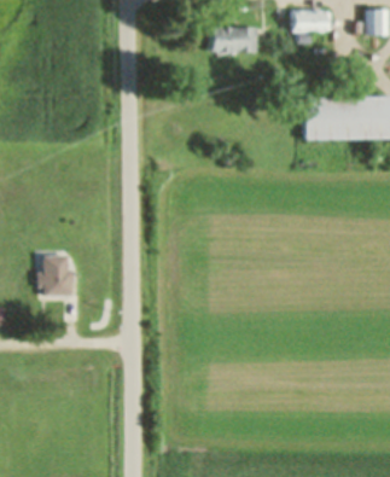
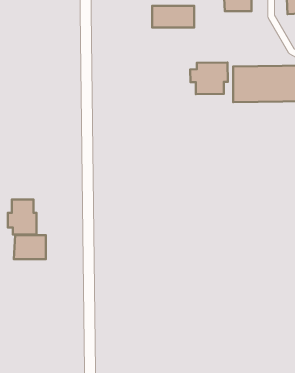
building: none -> [190,62,228,94]
building: none -> [14,235,46,259]

